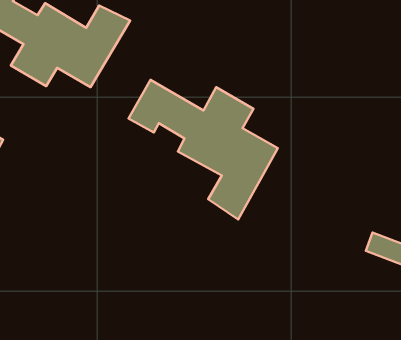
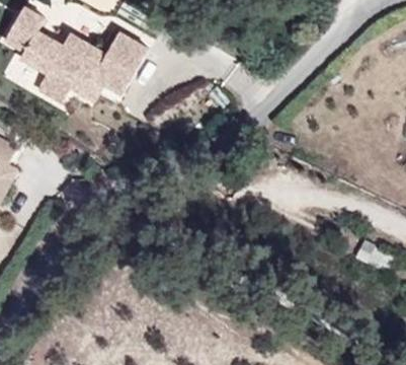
building: [128,80,278,220] -> none

